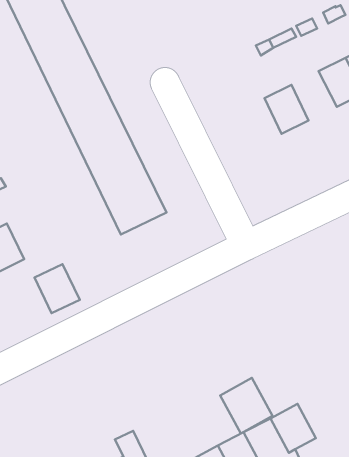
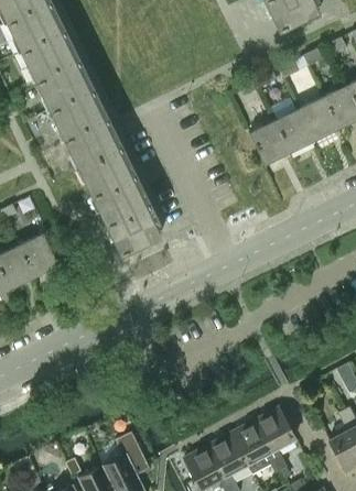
building: none -> [273,109,314,153]
building: [34,264,80,313] -> [18,233,58,277]
building: [220,378,272,434] -> none

